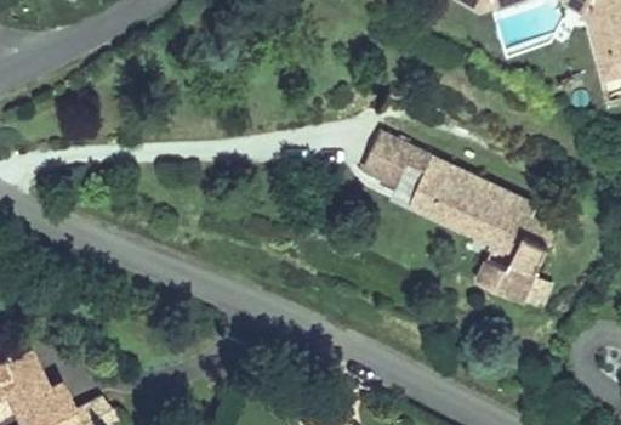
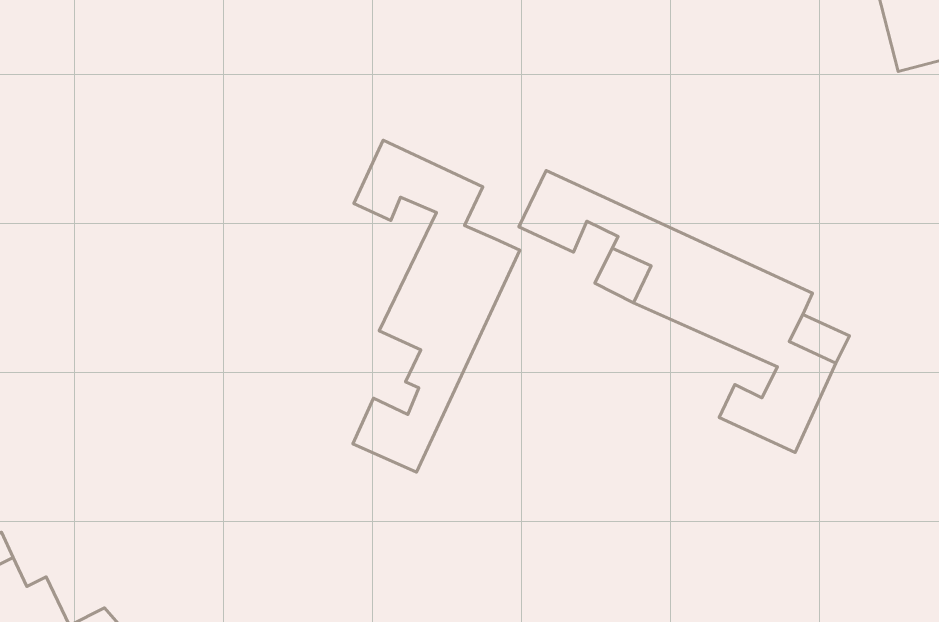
building: none -> [353,140,520,472]

